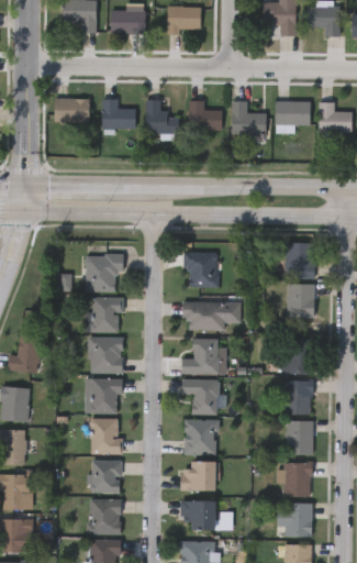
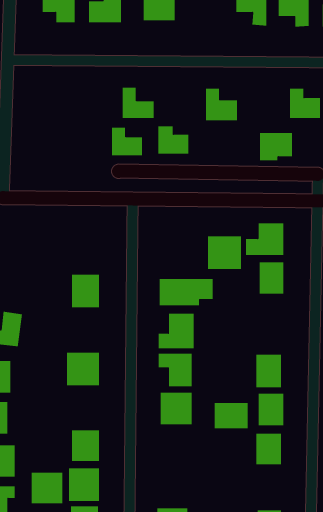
building: [54,99,88,123] -> none
building: [101,100,134,130] -> [111,127,143,156]
building: [187,102,220,132] -> [158,126,189,154]
building: [275,102,310,132] -> [259,133,293,161]
building: [183,252,220,287] -> [207,236,242,269]
building: [85,255,123,291] -> none
building: [90,338,123,373] -> none
building: [281,341,312,375] -> none
building: [90,419,121,453] -> none
building: [181,464,217,492] -> [214,402,249,429]
building: [181,501,215,529] -> none
building: none -> [31,472,63,504]
building: [277,504,311,536] -> none

